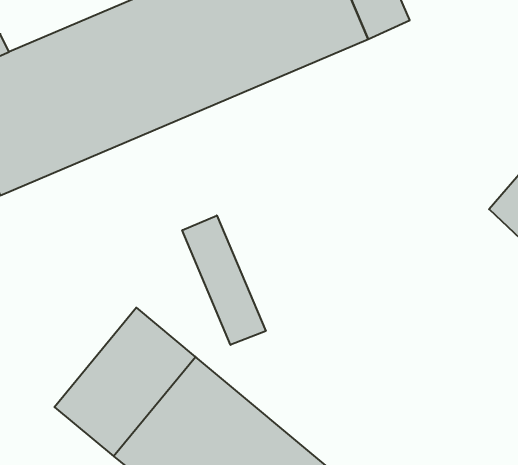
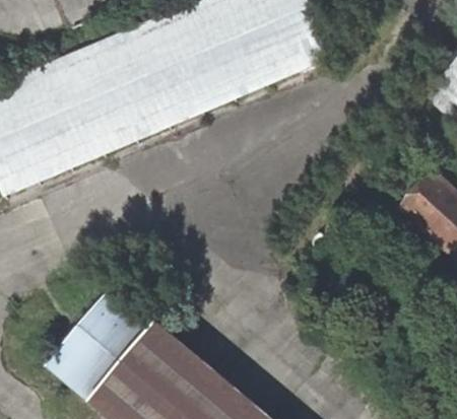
building: [182,215,266,345] -> none

